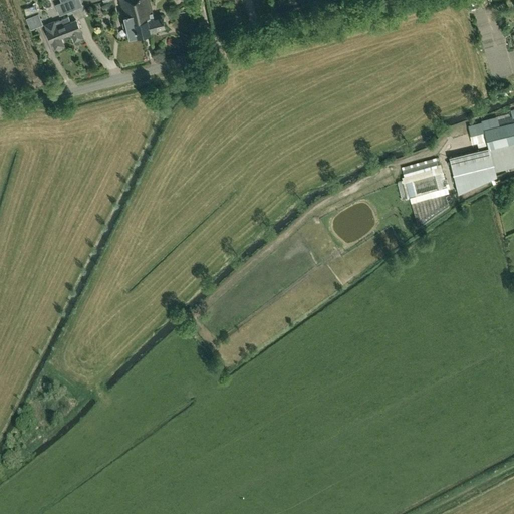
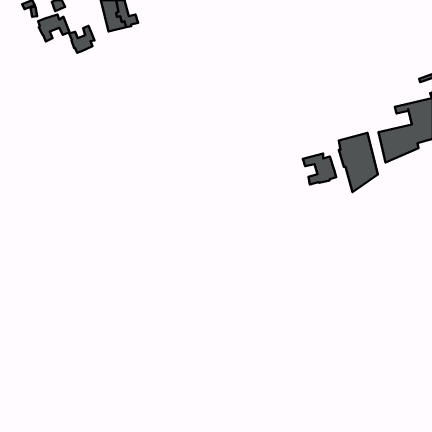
building: none -> [69,26,94,53]
building: none -> [303,153,336,185]

